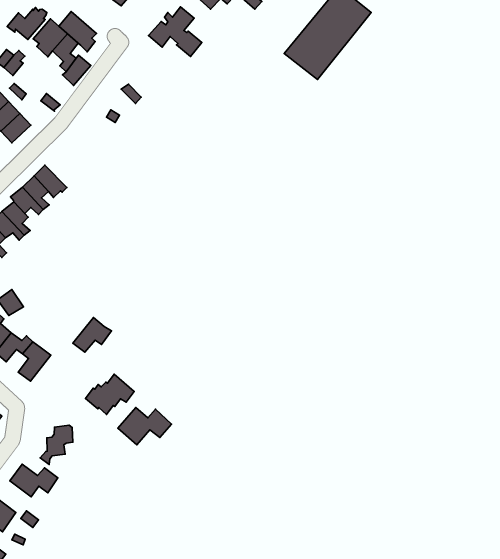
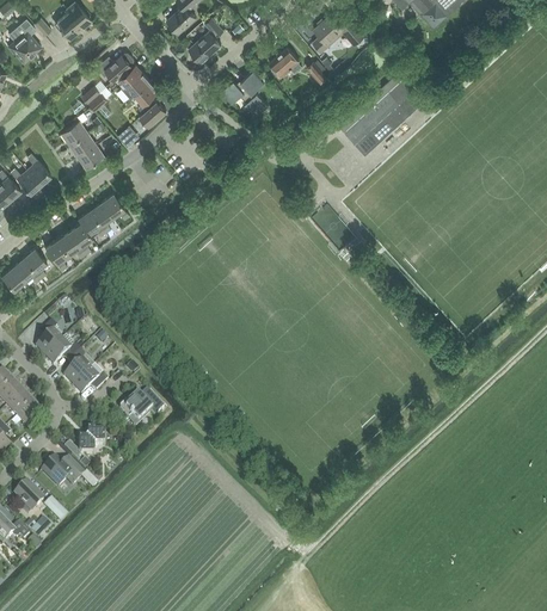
building: [59,11,96,52] -> none
building: [73,317,111,352] -> [72,363,107,393]
building: [118,407,171,445] -> none

